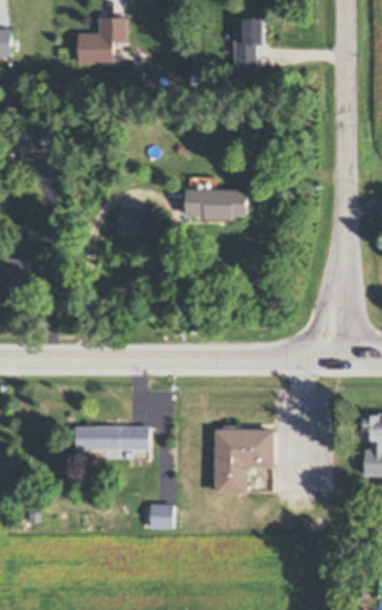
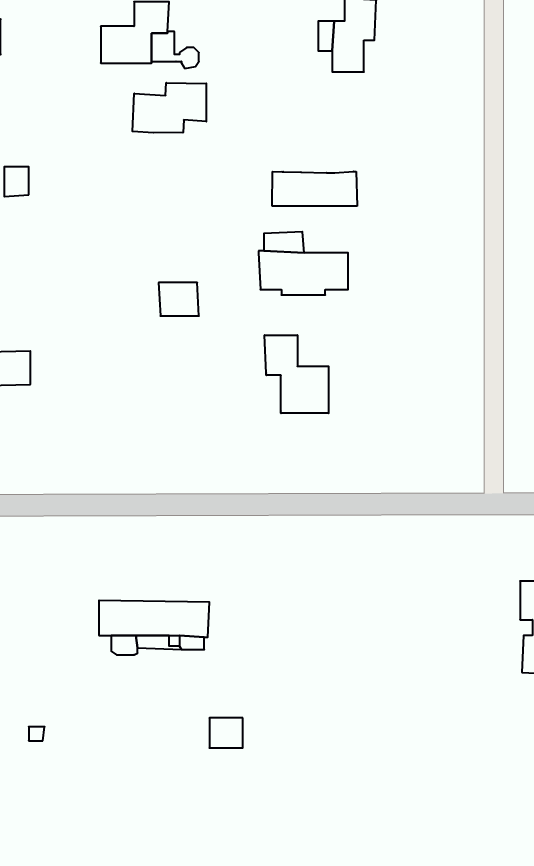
building: none -> [132,83,206,133]
building: none -> [272,171,357,206]
building: none -> [265,335,329,413]
building: [215,425,269,491] -> none

